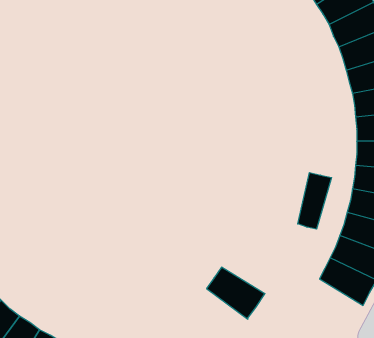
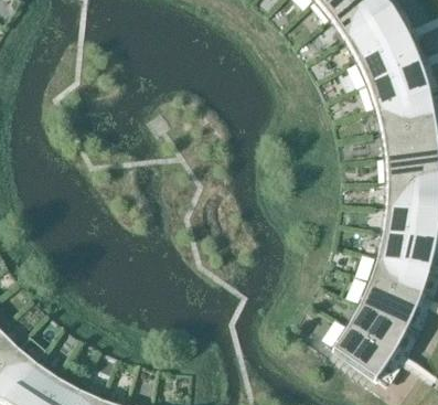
building: [298,173,332,229] -> none
building: [207,267,265,319] -> [334,323,395,377]

